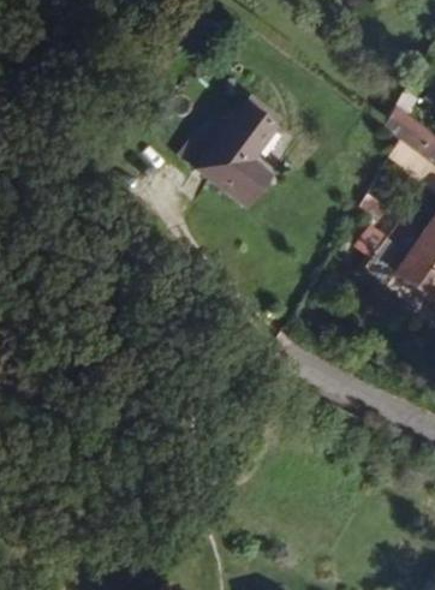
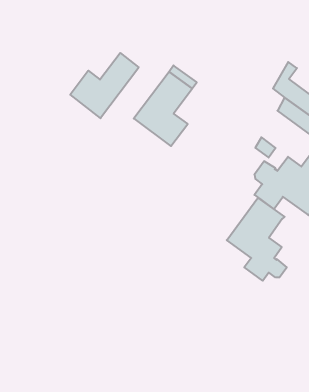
building: none -> [70,53,139,118]
building: none -> [227,198,287,281]

